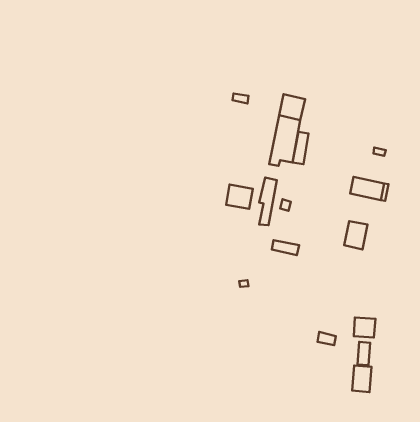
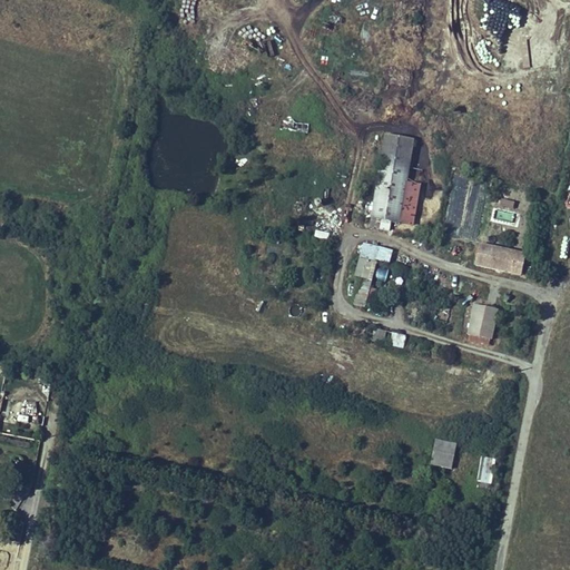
building: [226,184,253,209] -> none
building: [354,317,375,338] -> none
building: [352,365,371,392] -> none

